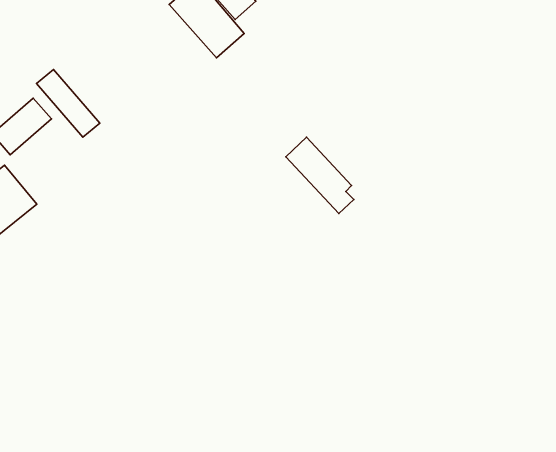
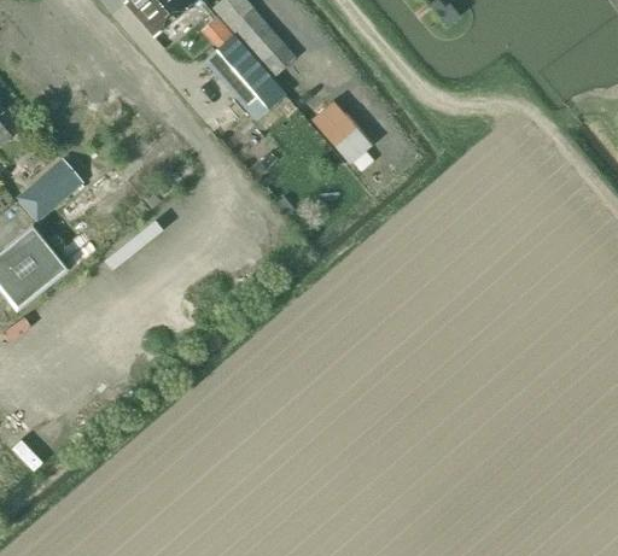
building: [36,69,100,137] -> none
building: [286,137,354,213] -> [304,92,375,171]

